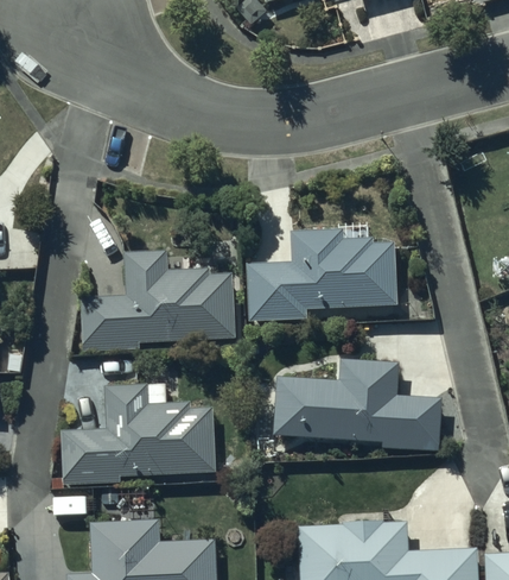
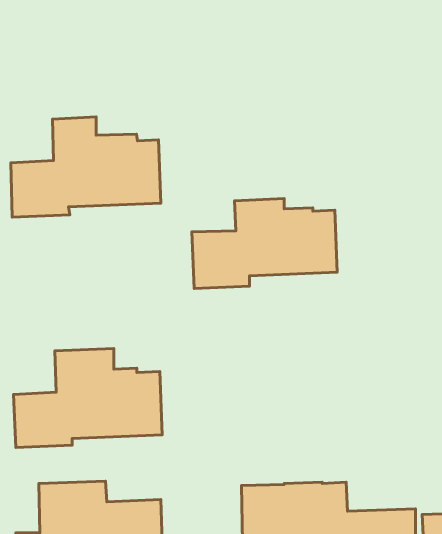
building: [82,250,236,353] -> [11,117,161,217]
building: [272,359,441,452] -> none

